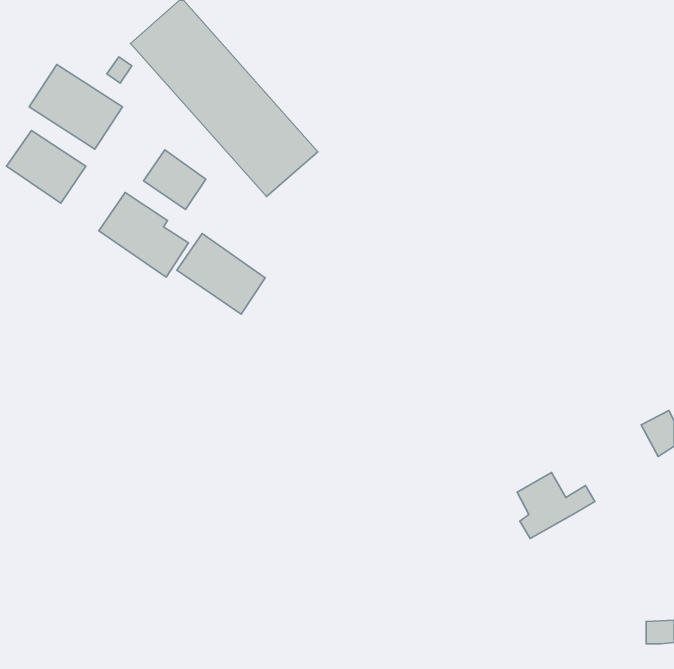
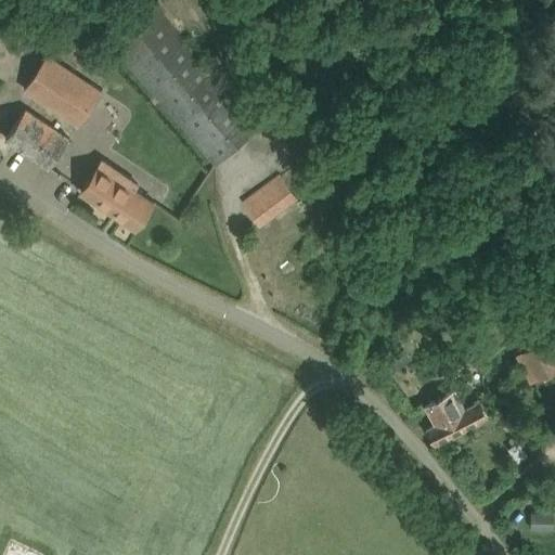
building: [144,150,206,210] -> none
building: none -> [245,181,294,227]
building: [177,233,265,314] -> none

